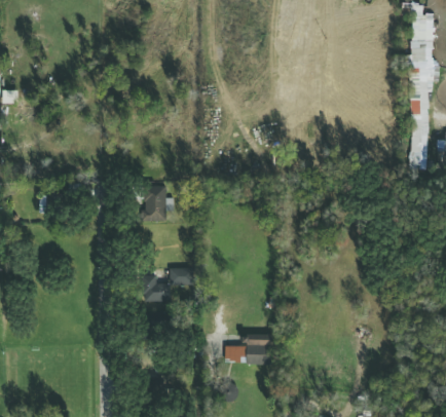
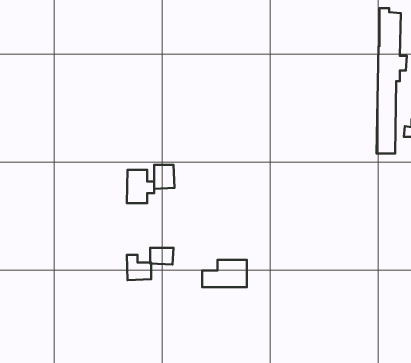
building: none -> [154,165,175,189]
building: [225,334,272,363] -> [202,260,247,287]

